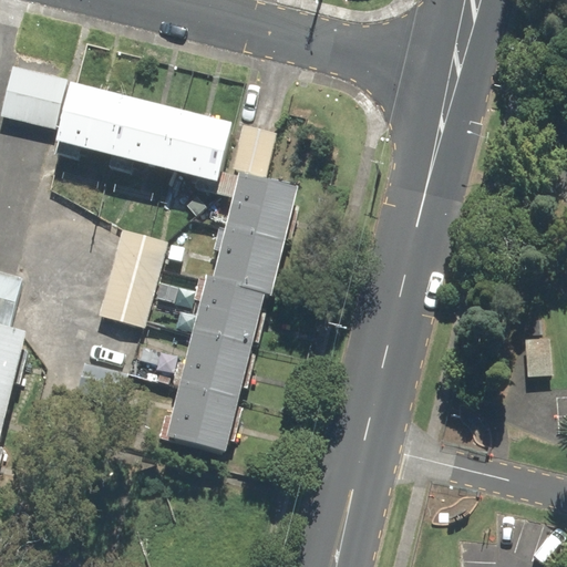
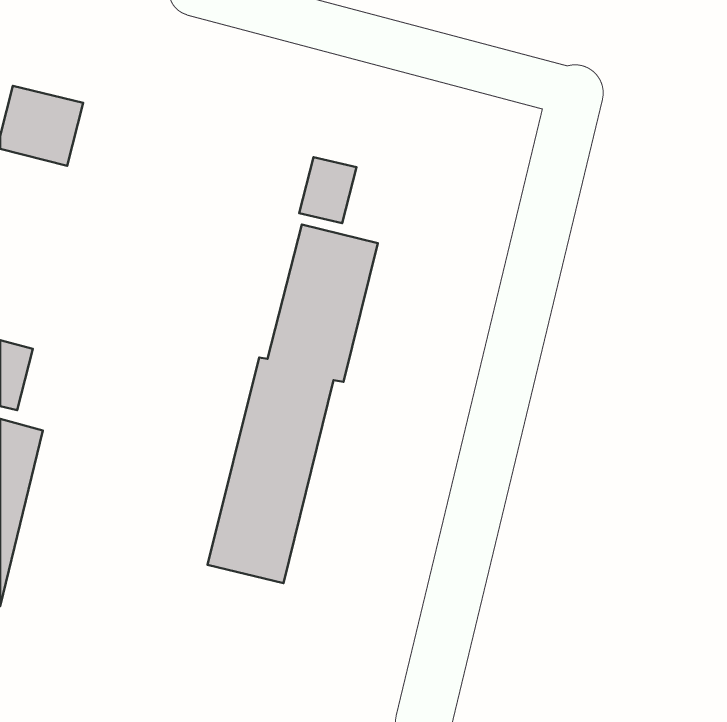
building: [55,84,231,184] -> none
building: [101,229,167,327] -> none

